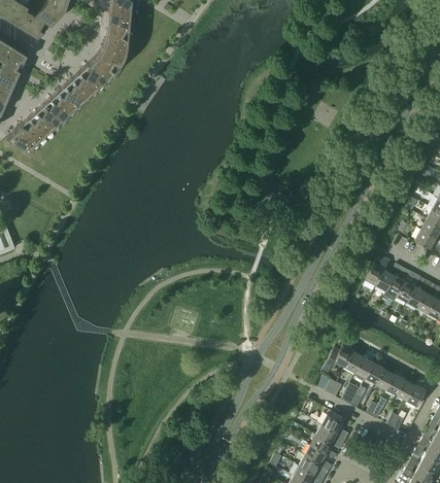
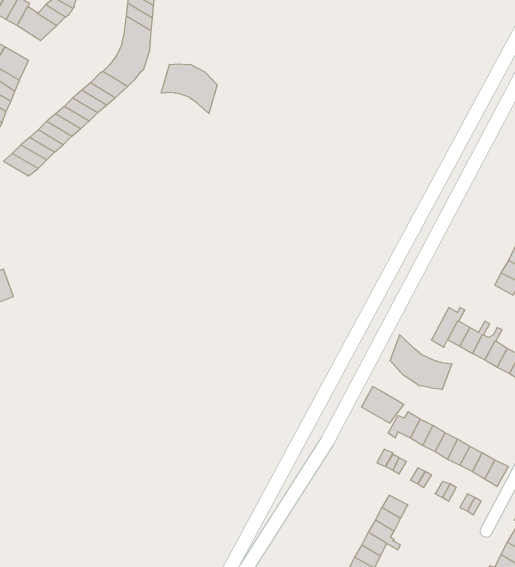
building: none -> [161,64,217,113]
building: none -> [390,335,452,390]
building: none -> [361,386,404,423]

